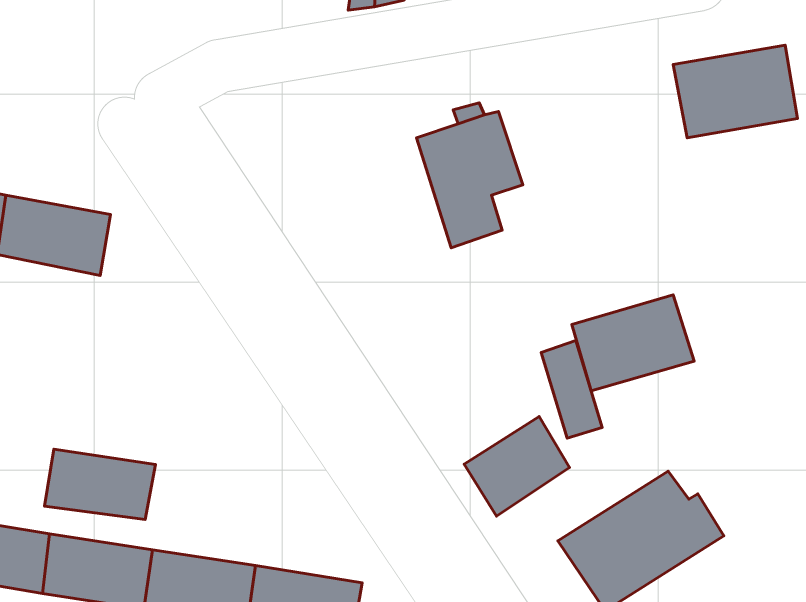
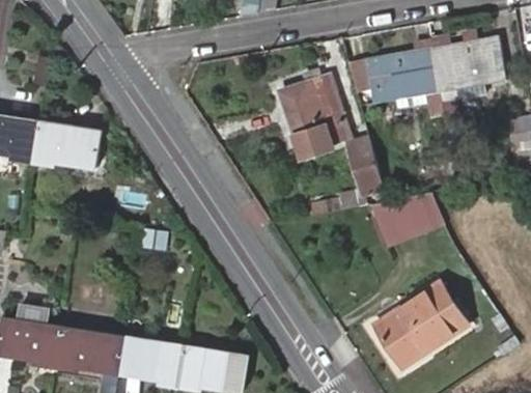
building: none -> [366,48,441,102]
building: [541,340,602,438] -> [346,135,383,193]
building: [464,417,569,516] -> none
building: [45,449,155,519] -> none

